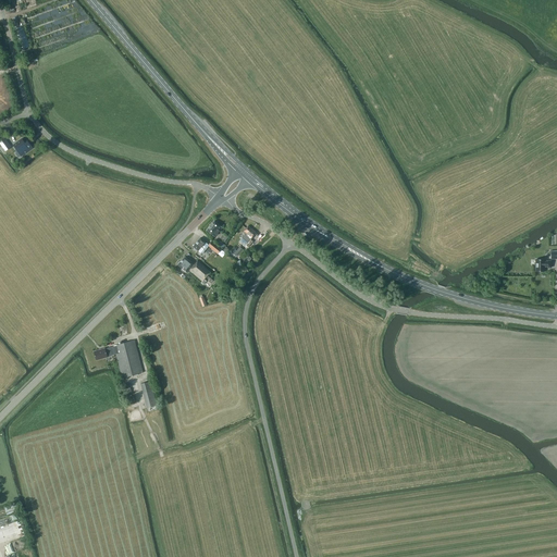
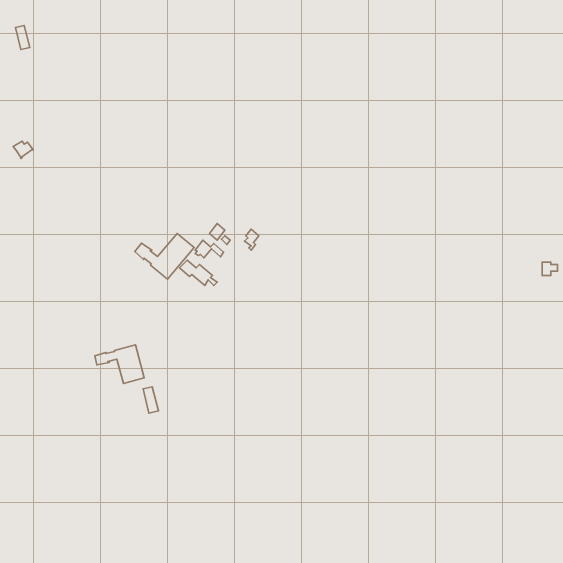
building: none -> [135,234,194,279]

